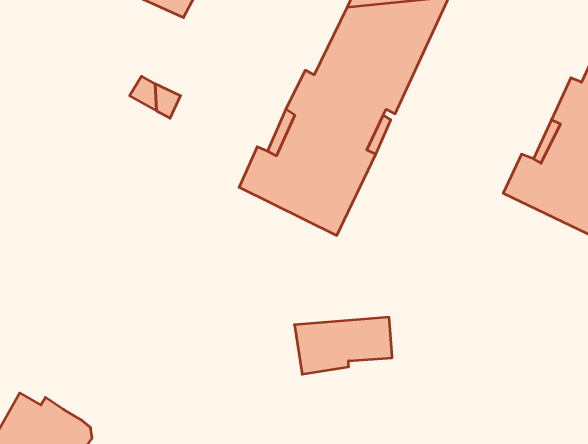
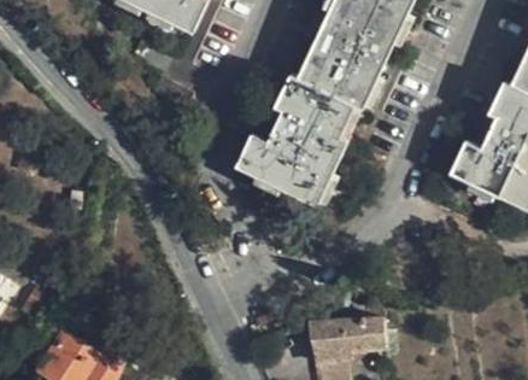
building: [294,317,392,374] -> [309,317,387,363]

